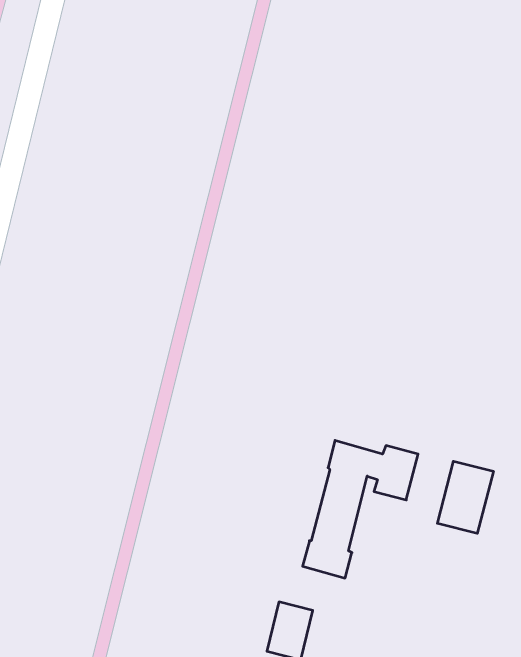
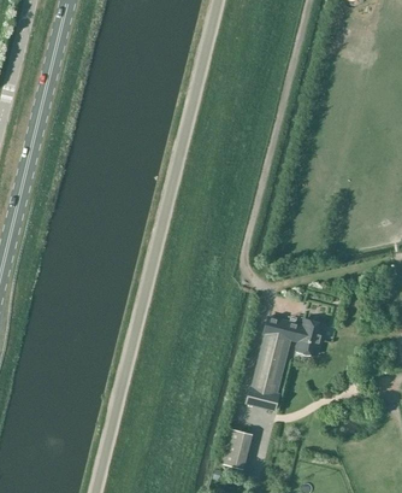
building: [437,461,493,533] -> none

